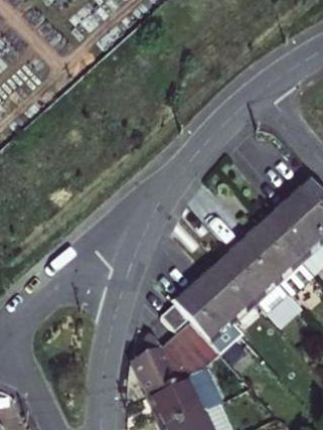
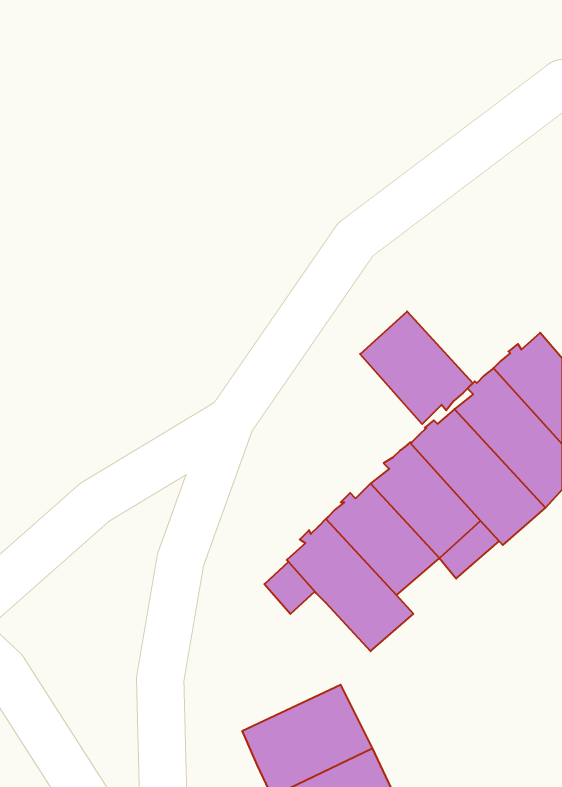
building: none -> [360,311,473,424]
building: [133,327,219,397] -> none

